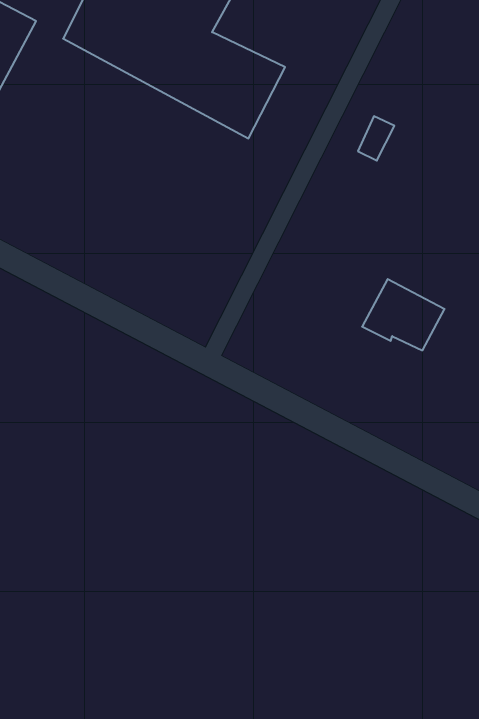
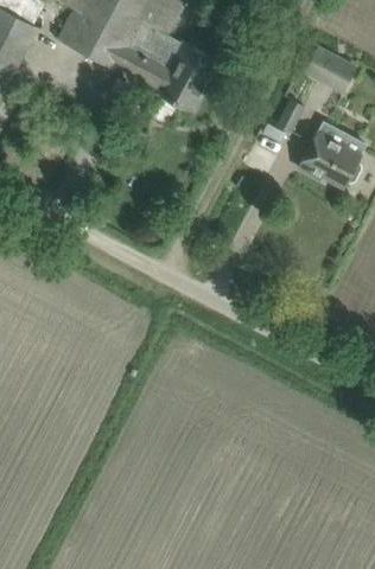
building: none -> [303,44,357,92]
building: [362,279,445,350] -> [299,130,361,184]

